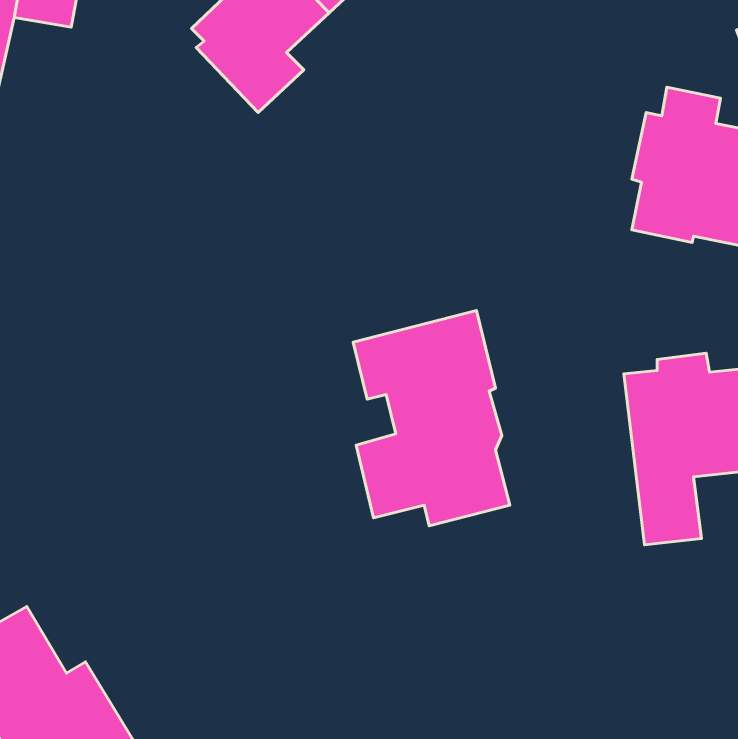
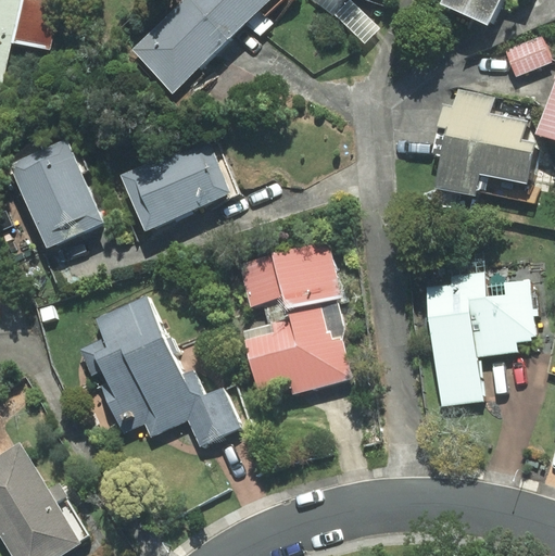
building: none -> [122,137,237,229]
building: none -> [10,140,102,247]
building: none -> [85,300,239,444]

